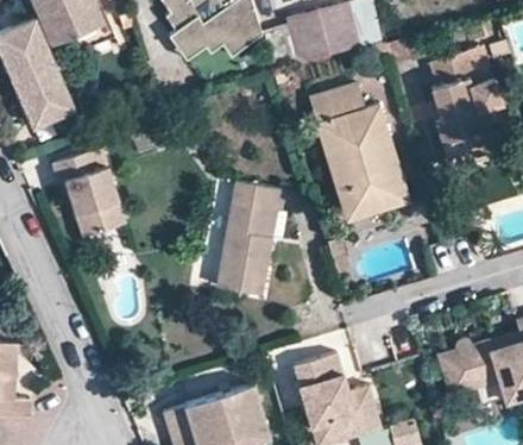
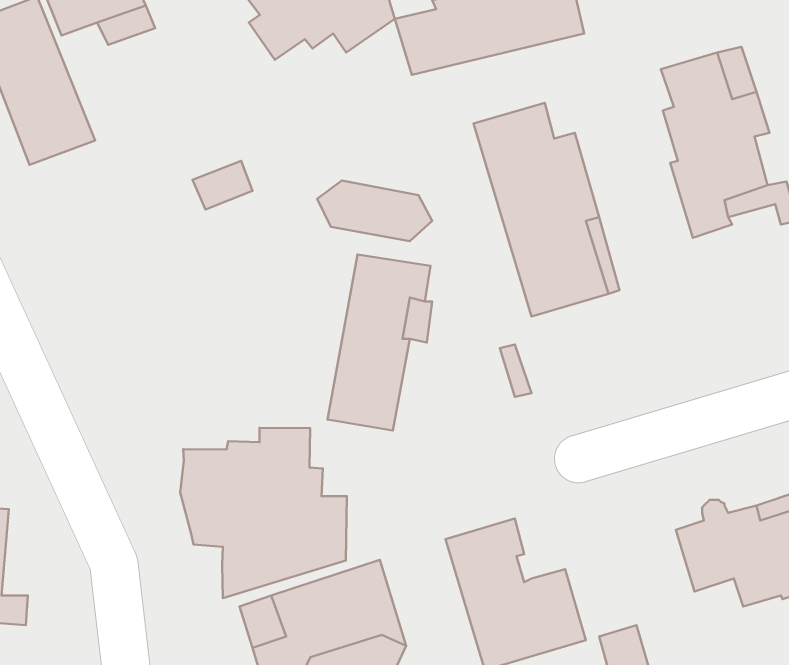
building: none -> [317,180,432,241]
building: [53,146,126,237] -> none
building: none -> [180,428,347,598]

